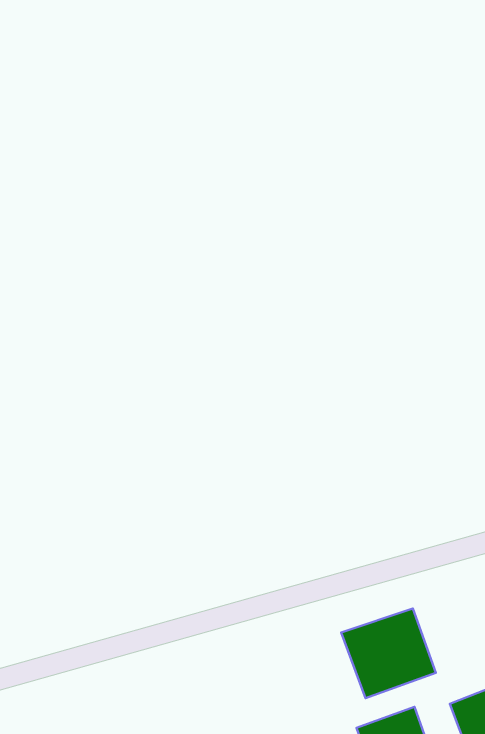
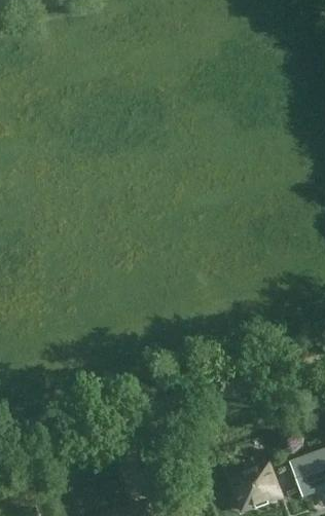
building: [341,609,436,698] -> none

